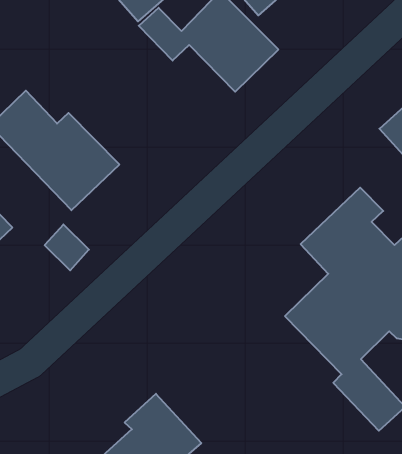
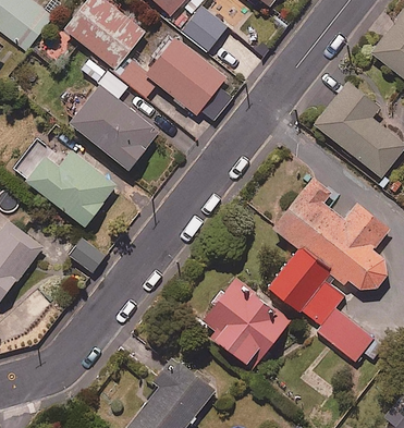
building: none -> [72,74,160,169]
building: none -> [200,280,291,368]

